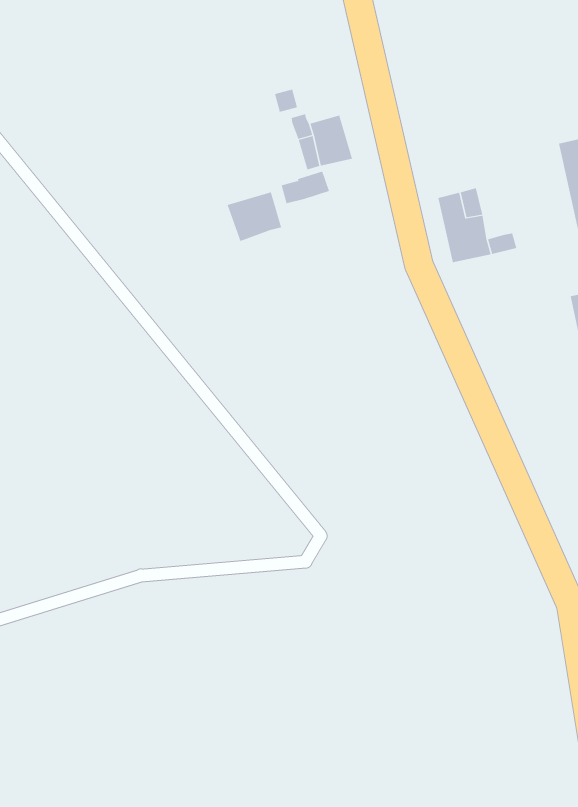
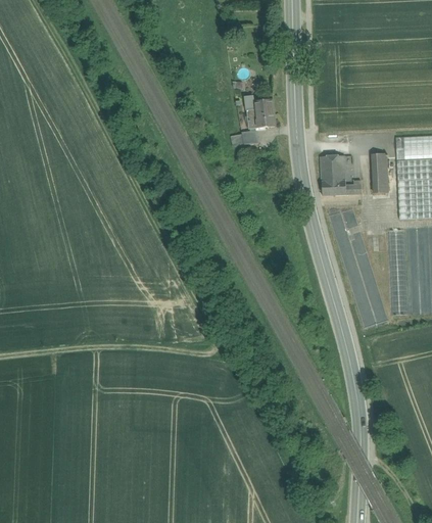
building: none -> [372,153,389,193]
building: [227,191,282,242] -> none

